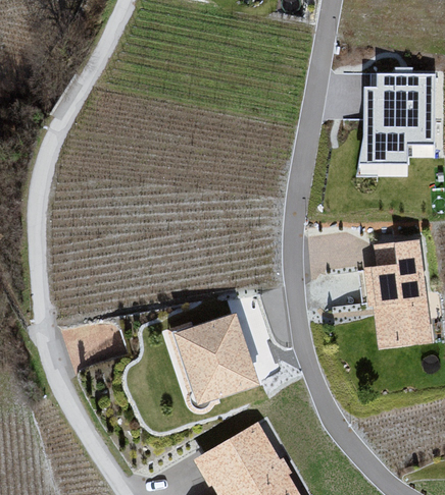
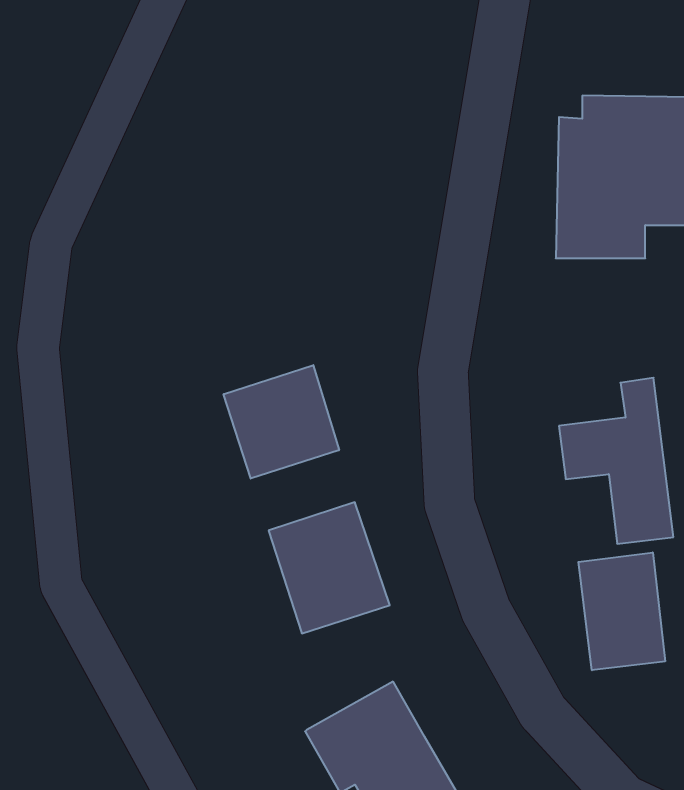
building: none -> [224,365,339,479]
building: none -> [578,552,665,670]

